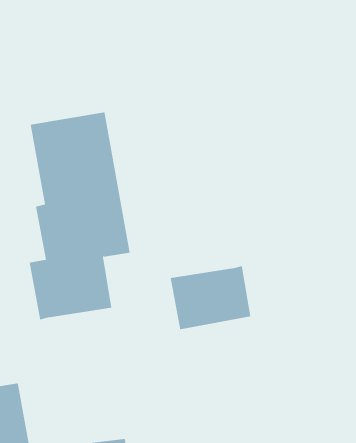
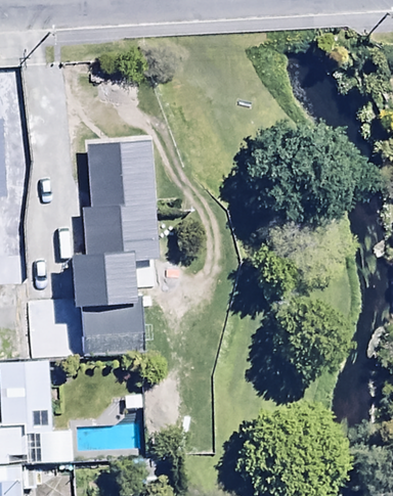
building: [170,265,251,330] -> [82,305,148,354]

